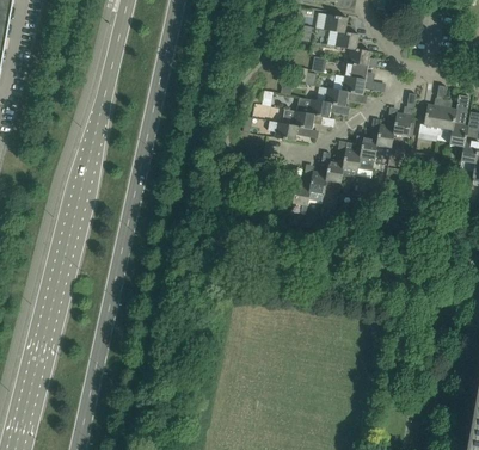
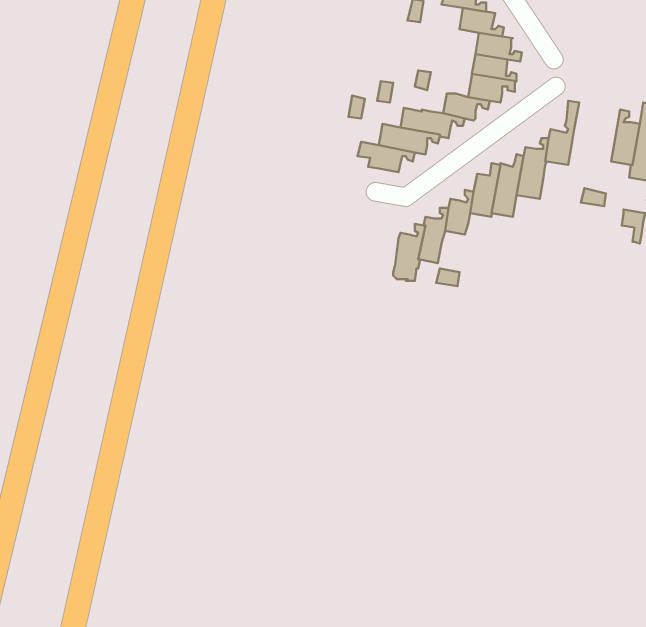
building: [417,85,444,135] -> none

